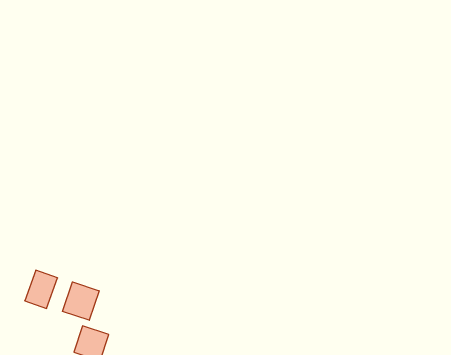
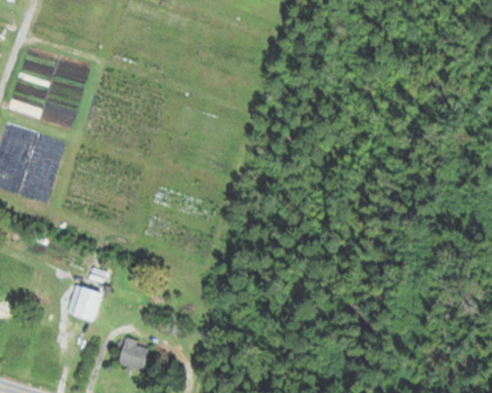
building: [63,282,99,320] -> none

